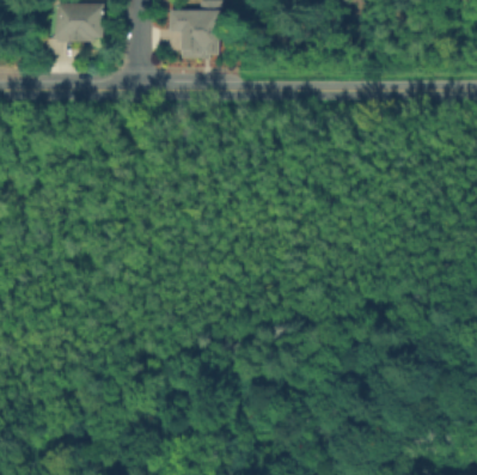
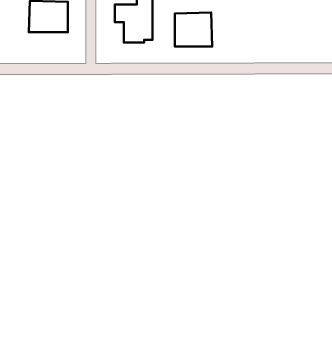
building: none -> [175,13,212,47]

